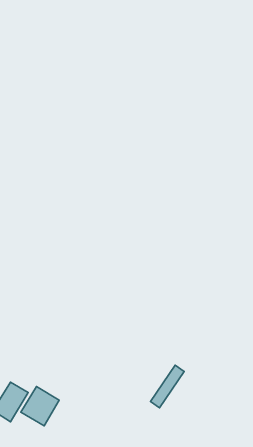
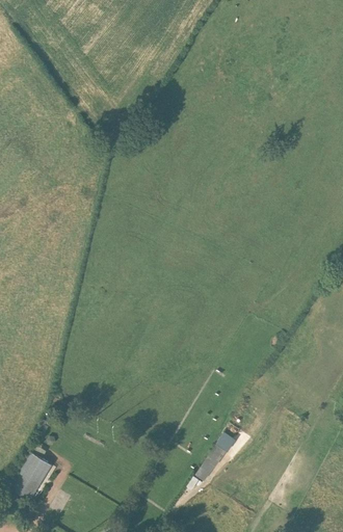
building: [21,386,59,426] -> none

